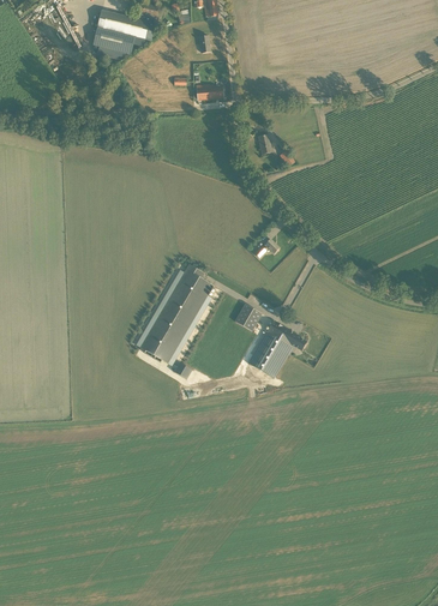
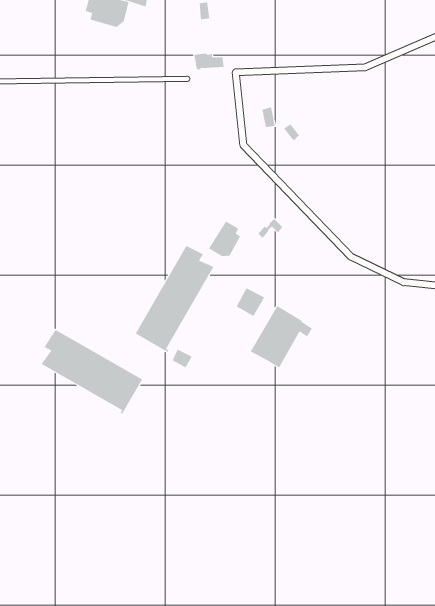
building: none -> [208,221,241,257]
building: none -> [41,329,143,415]

